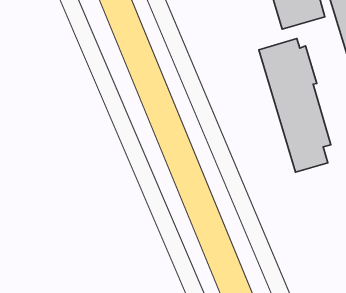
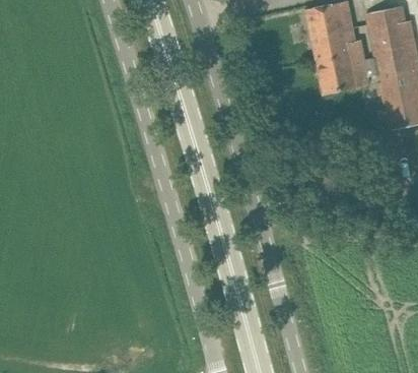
building: [259,38,331,172] -> none

